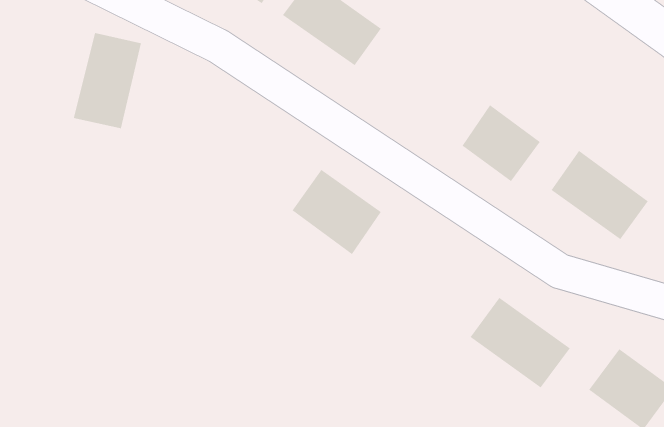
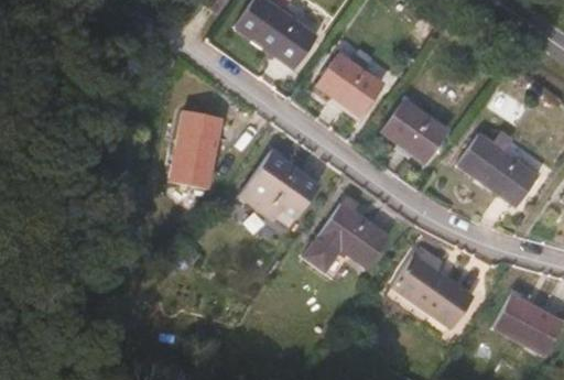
building: [73,32,142,129] -> [170,111,226,191]
building: none -> [315,48,383,113]
building: none -> [304,202,390,278]

